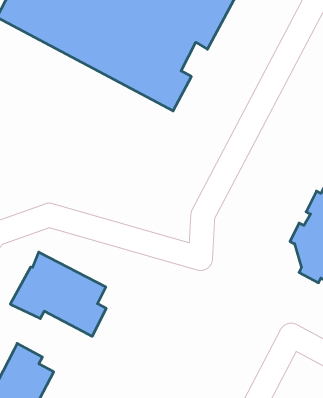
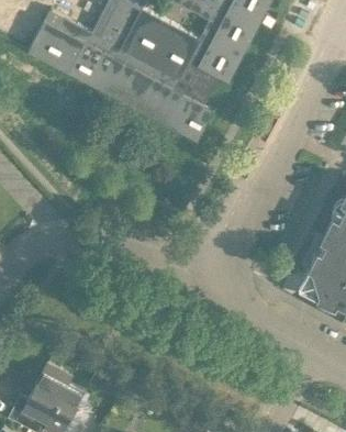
building: [10,252,106,336] -> none

